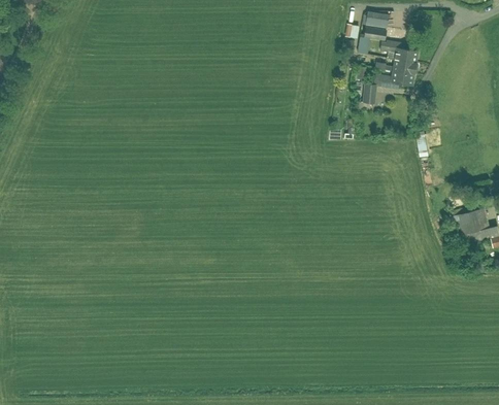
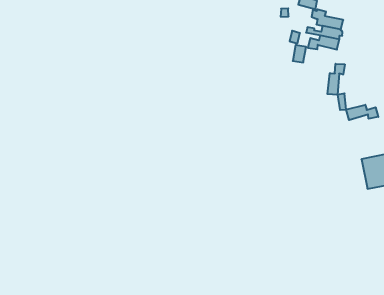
building: none -> [327,64,345,95]
building: none -> [346,105,378,120]

